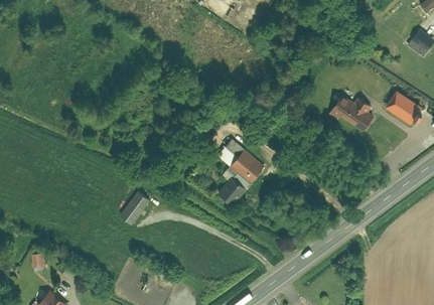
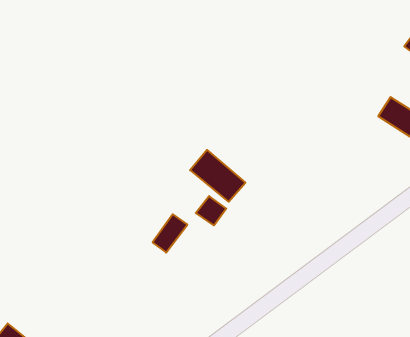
building: [328,94,373,131] -> none
building: [119,189,150,223] -> [153,214,187,253]

